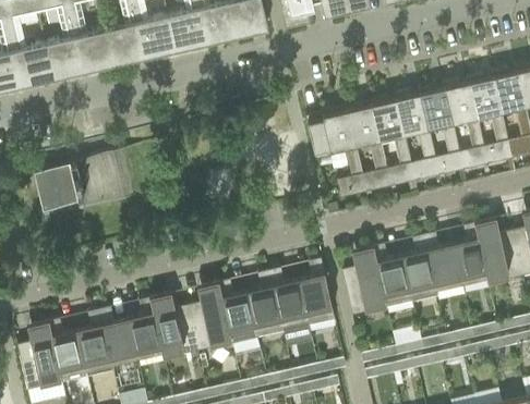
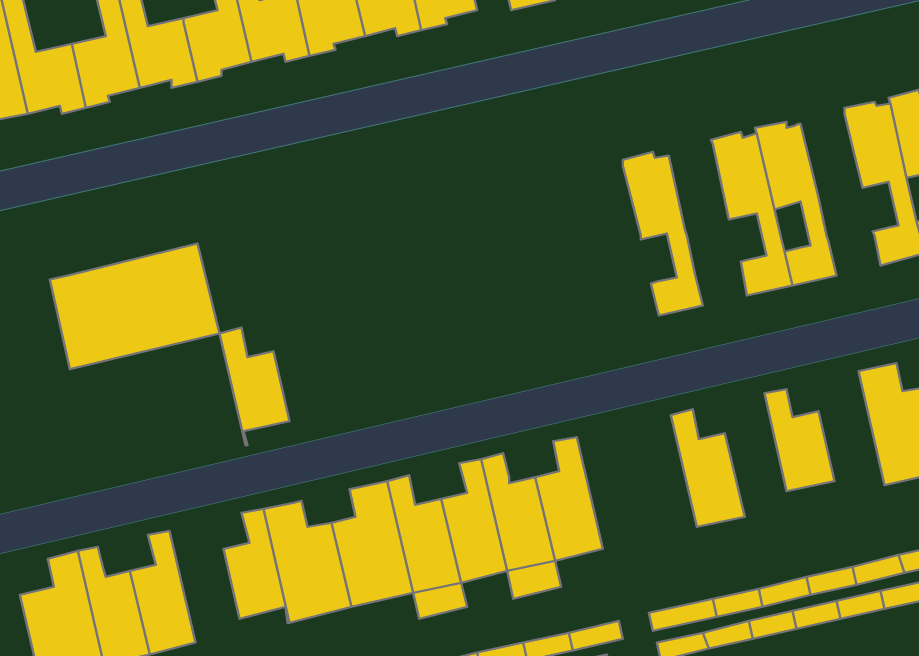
building: [445,79,489,169] -> none
building: [372,96,415,185] -> none
building: [308,107,368,197] -> none
building: [455,221,491,283] -> none
building: [403,233,439,301] -> none
building: [342,245,388,315] -> none
building: [100,305,138,369] -> [220,327,289,445]

